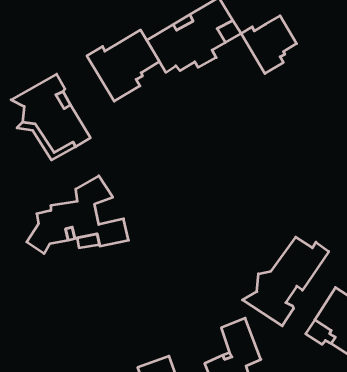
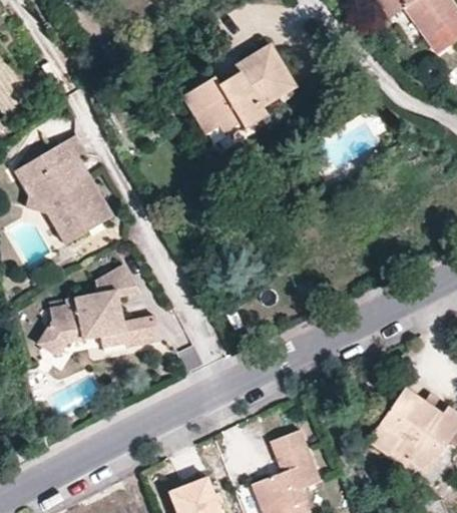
building: [241,16,297,74] -> none
building: [87,30,159,101] -> none
building: [242,237,329,326] -> none

